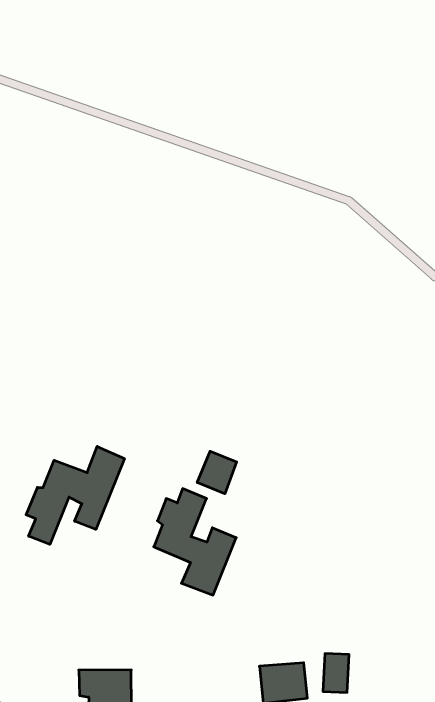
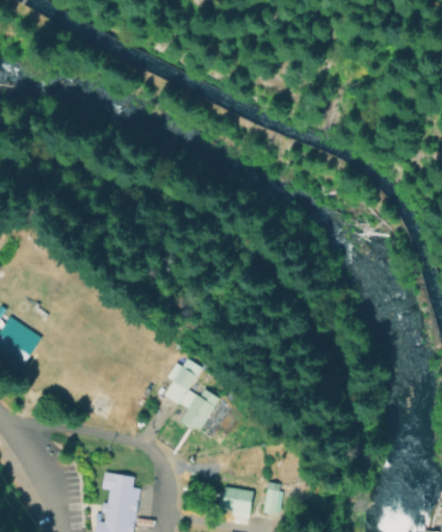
building: [26,446,124,544] -> none
building: [197,451,237,494] -> none

